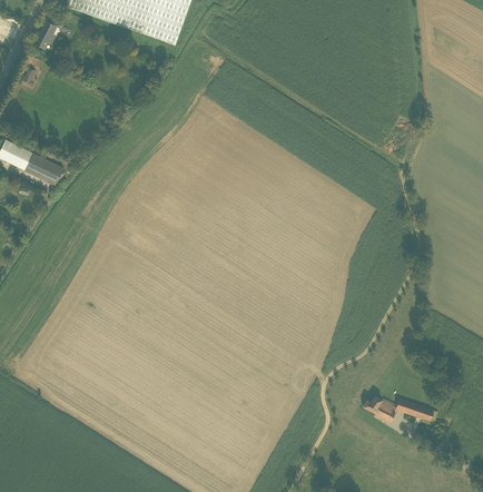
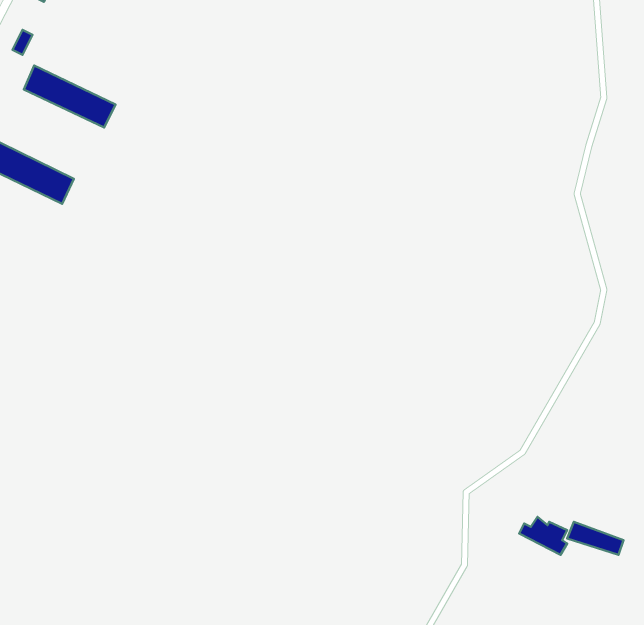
building: none -> [24,66,115,127]

